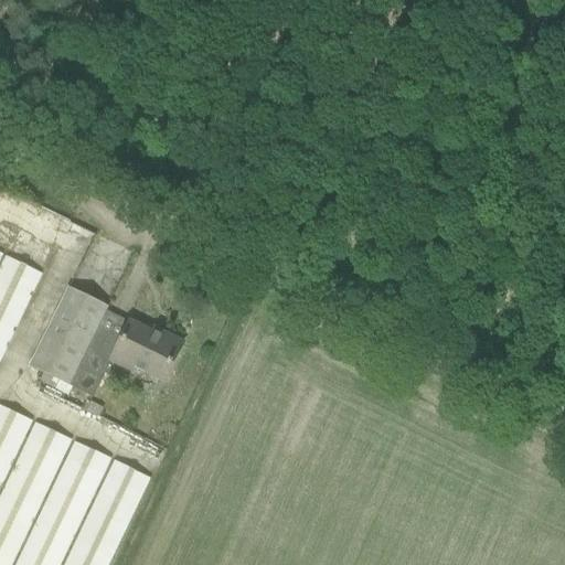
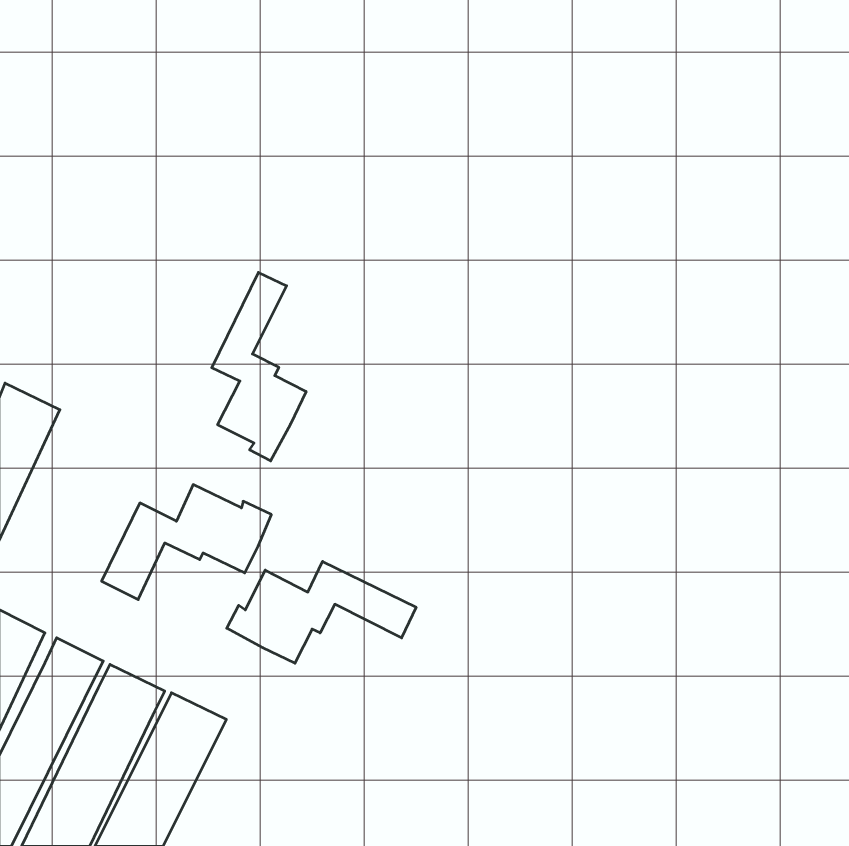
building: none -> [212,272,306,461]
building: [28,286,106,385] -> none
building: none -> [227,561,416,663]

